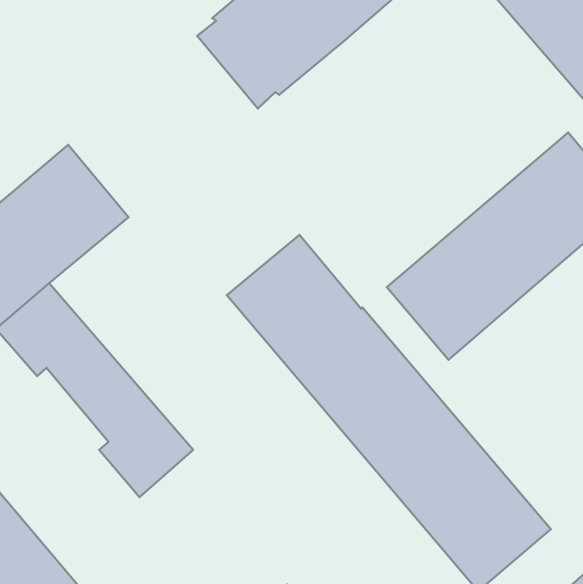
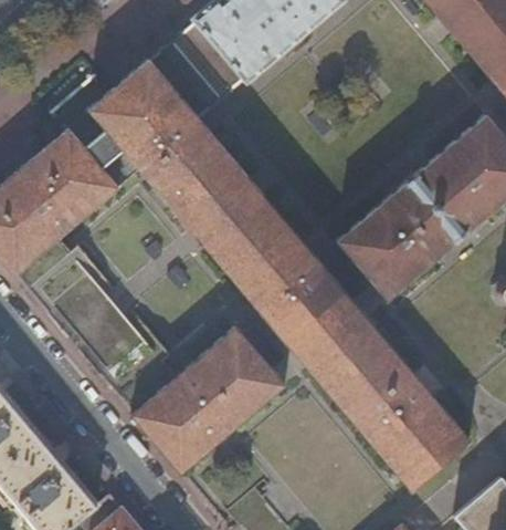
building: none -> [74,50,264,249]
building: none -> [130,328,286,476]

